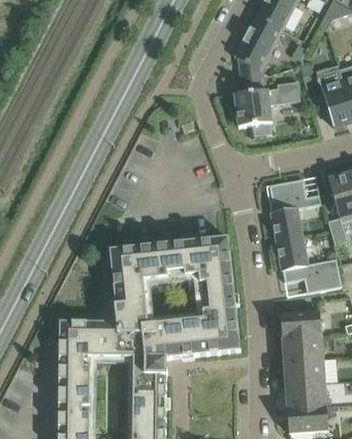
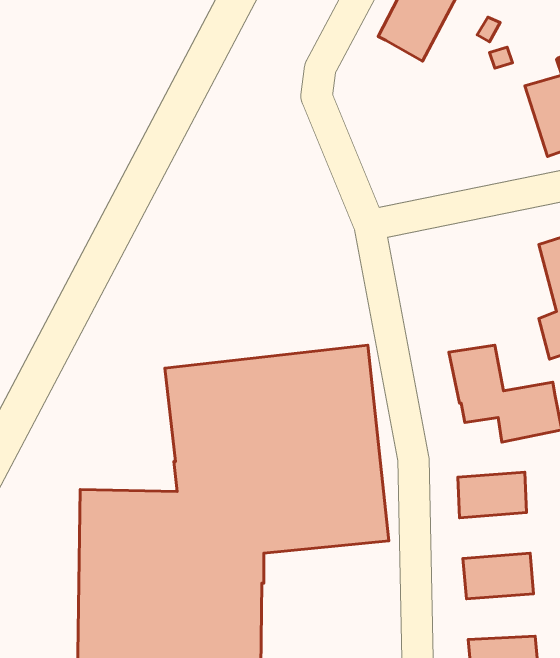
building: [234,58,300,135] -> none
building: [269,178,321,240] -> none
building: [282,334,323,361] -> none
building: [286,381,326,408] -> none

